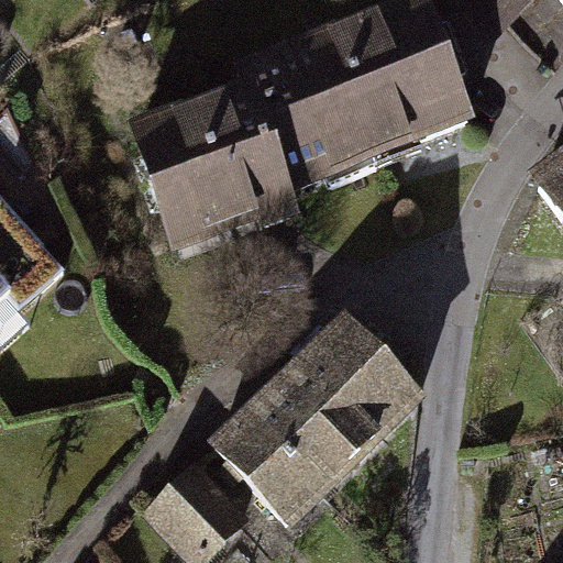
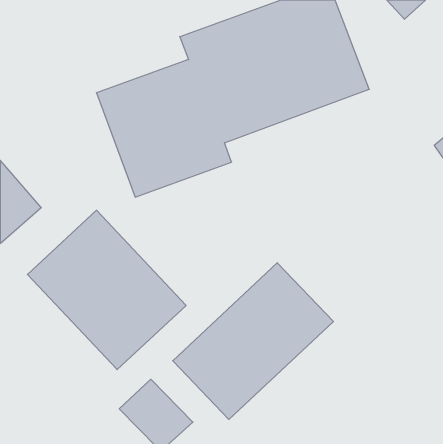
building: none -> [27,210,186,370]

